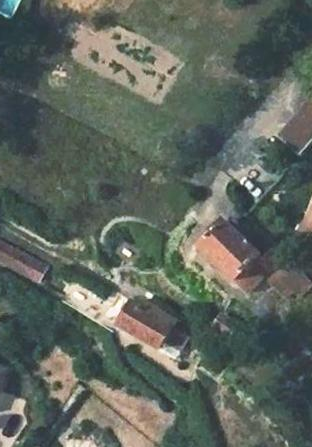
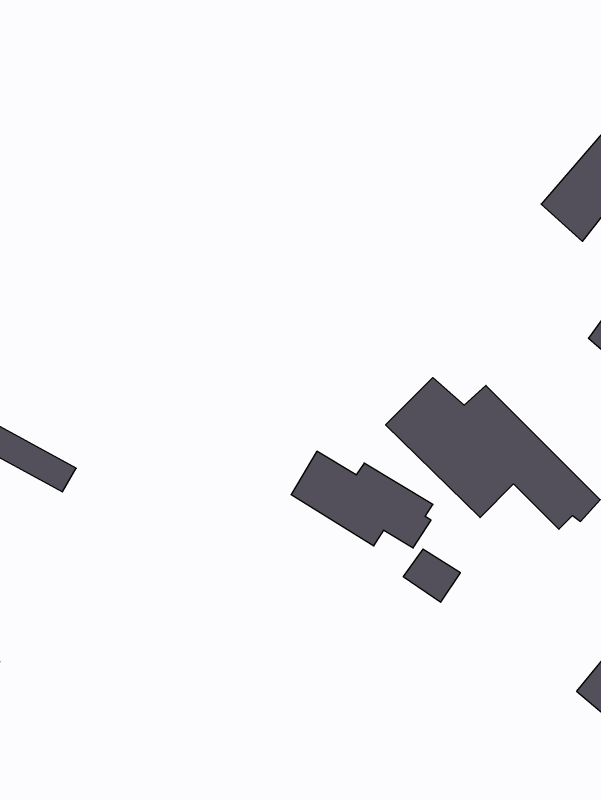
building: [116,303,188,352] -> [291,451,433,548]

